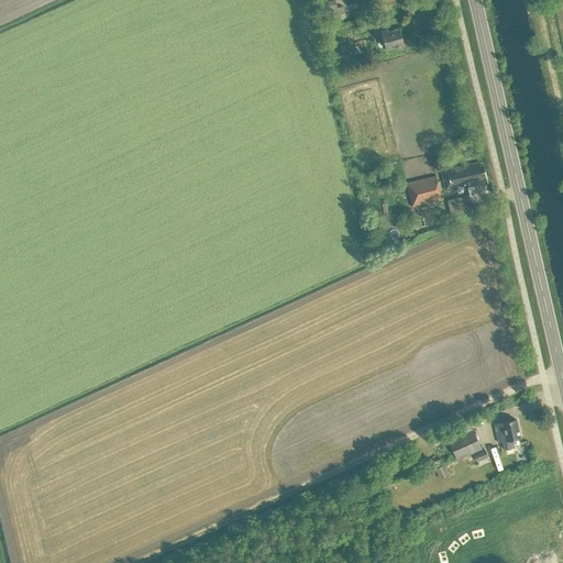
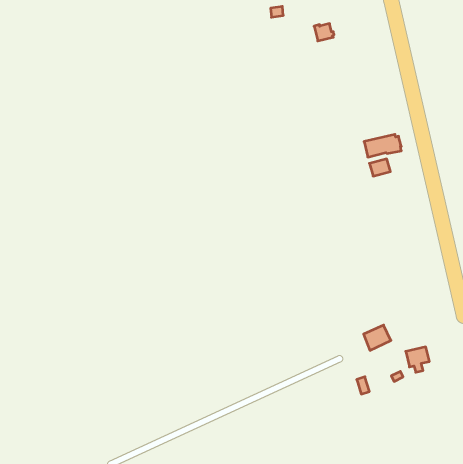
building: [407,176,442,207] -> none
building: [450,430,483,461] -> [364,325,391,350]

